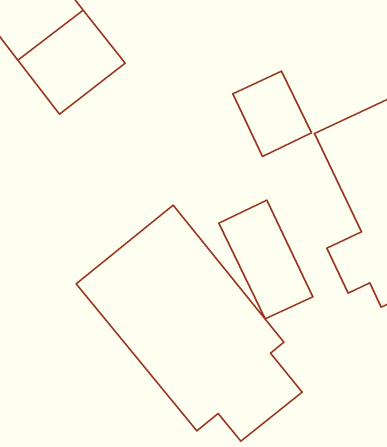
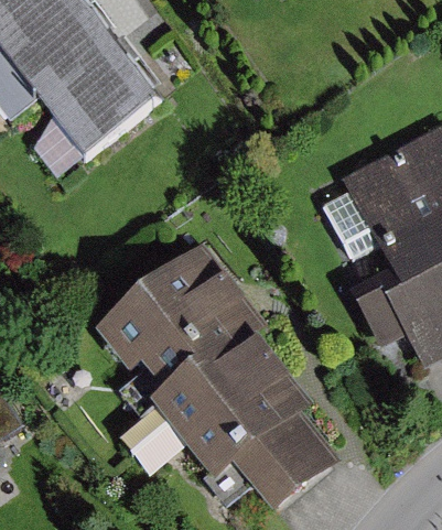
building: [233,71,312,156] -> none
building: [219,200,313,319] -> none

